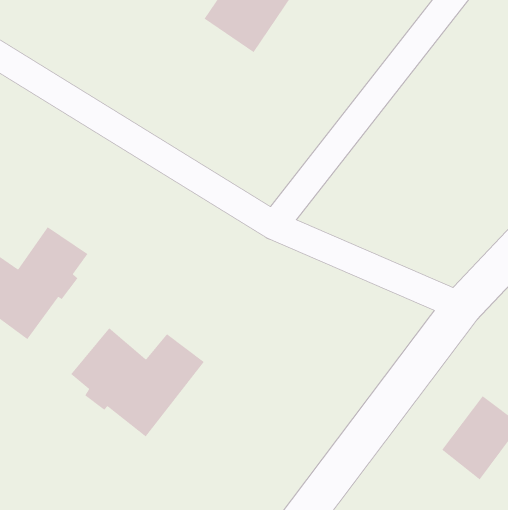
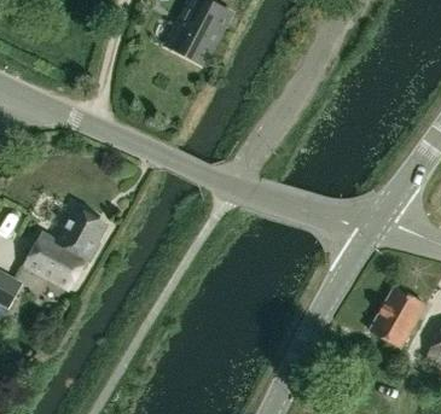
building: [70,327,205,438] -> none

